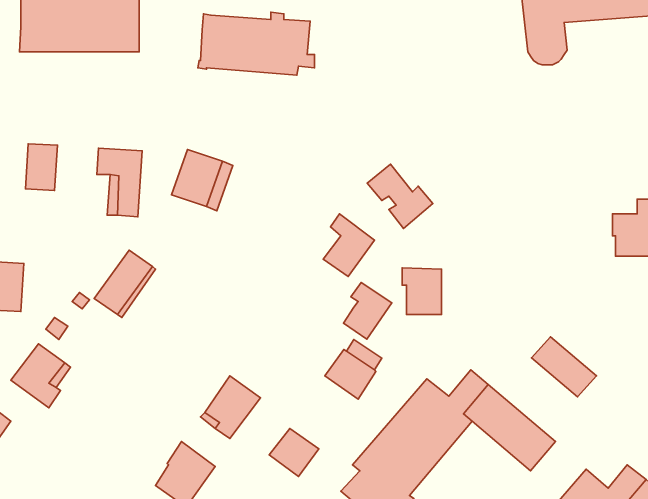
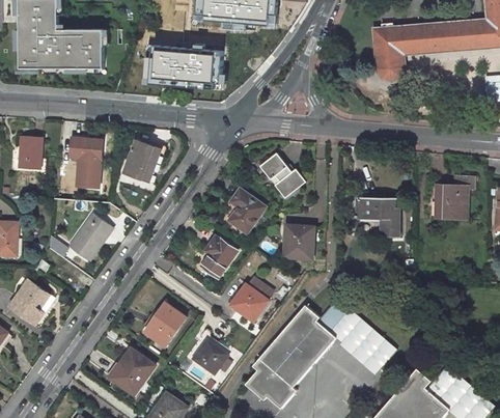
building: none -> [356,198,396,236]
building: [344,282,392,339] -> [202,235,237,276]
building: [531,337,596,397] -> none

